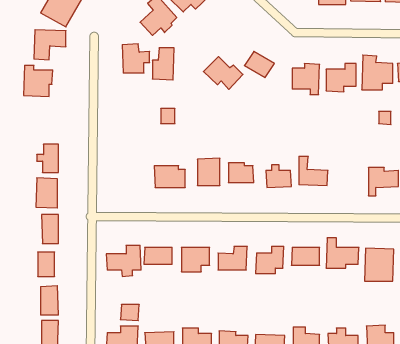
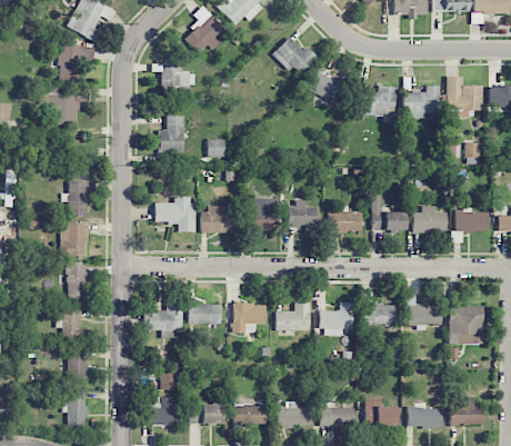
building: [152,48,174,80] -> [160,116,186,153]
building: [203,57,243,89] -> [272,37,319,76]
building: none -> [156,197,196,231]
building: none -> [413,206,448,232]

